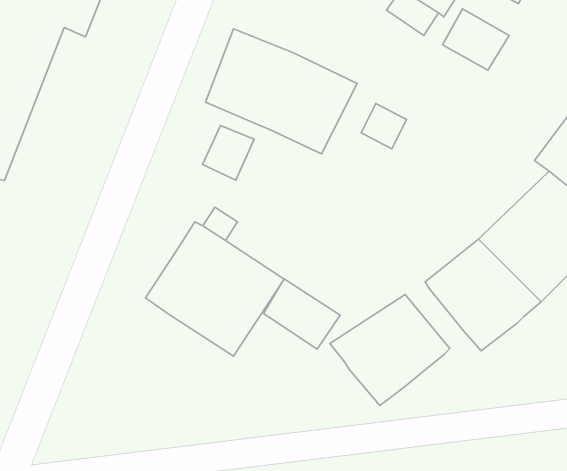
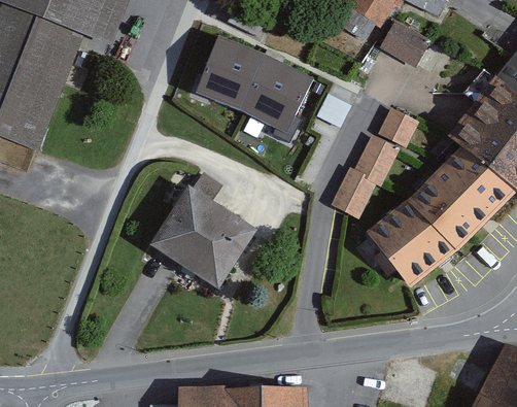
building: none -> [331,107,418,218]
building: [202,125,254,180] -> none
building: [263,279,340,349] -> none
building: [330,294,450,406] -> none

